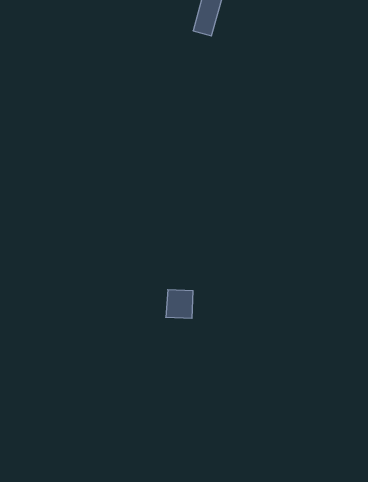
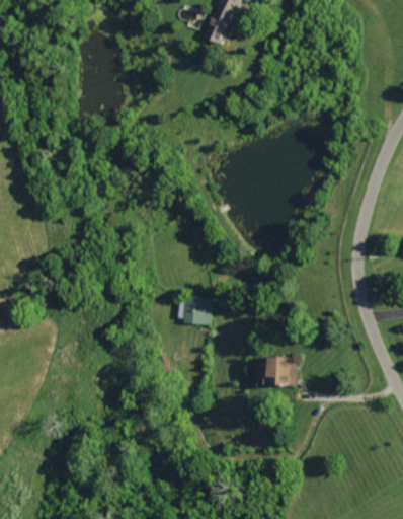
building: none -> [267,356,296,384]

